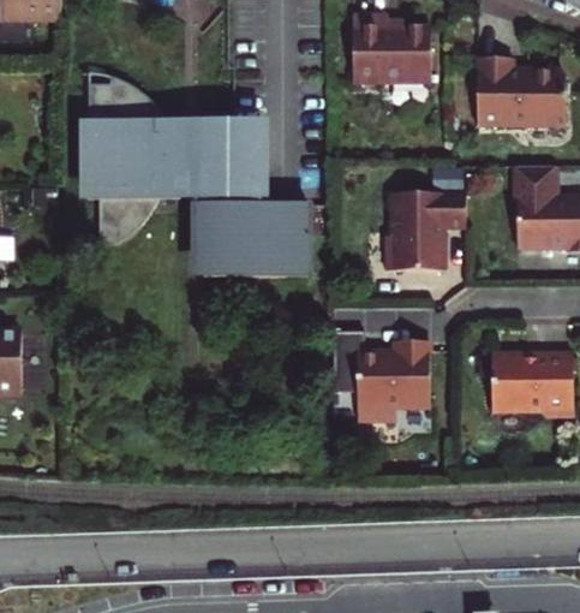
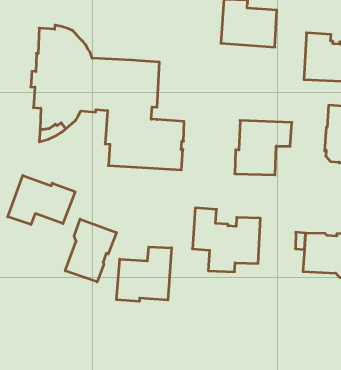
building: none -> [8,175,75,225]
building: none -> [65,219,116,282]
building: none -> [117,247,172,301]

